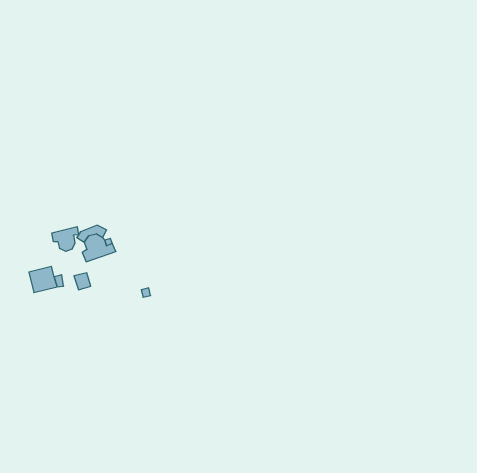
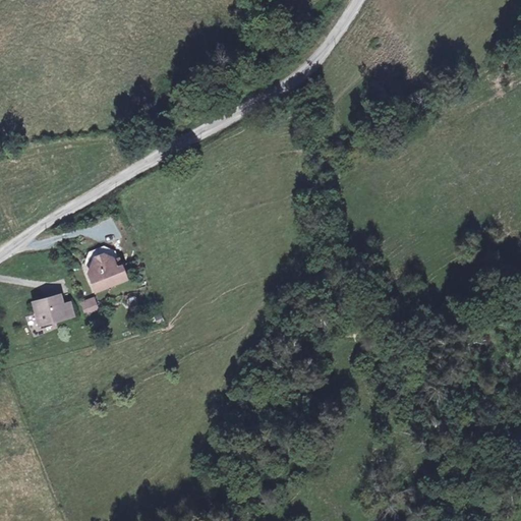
building: [52,227,78,251] -> none

